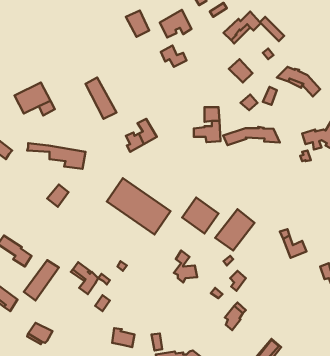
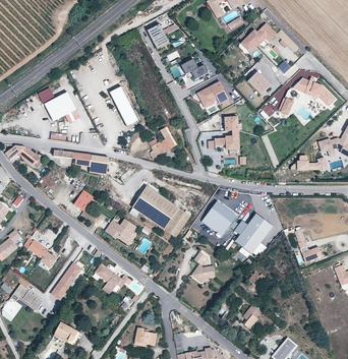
building: [160,10,192,37] -> [196,80,227,107]
building: [223,127,280,145] -> none
building: none -> [104,218,135,244]

